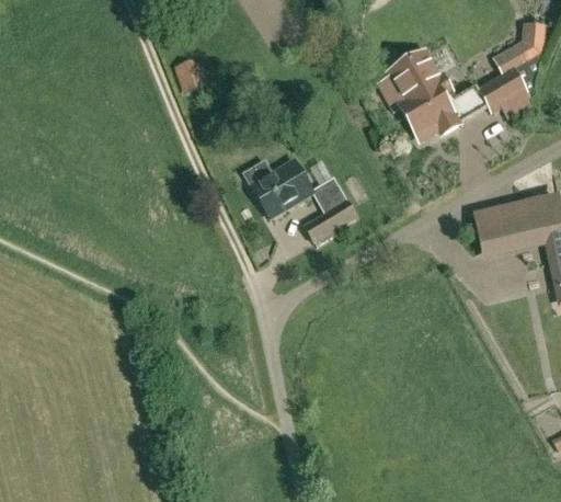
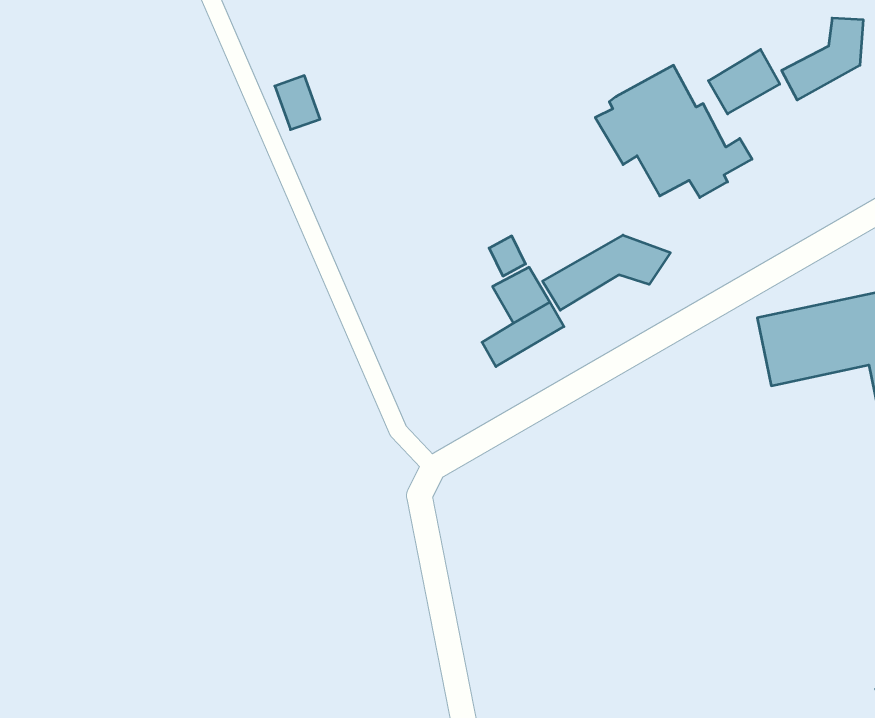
building: [480,70,525,111] -> [708,49,780,114]
building: none -> [543,235,670,310]
building: [252,161,311,216] -> none

